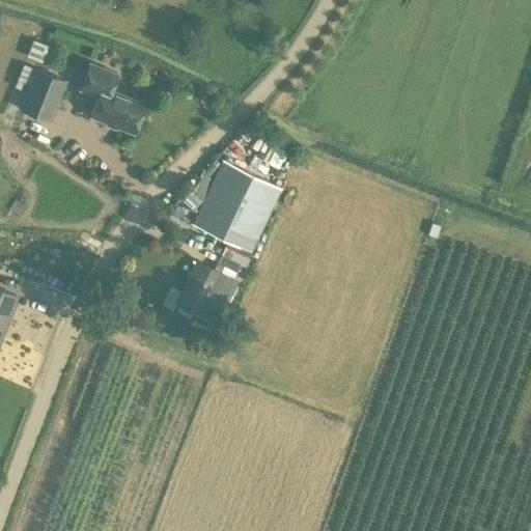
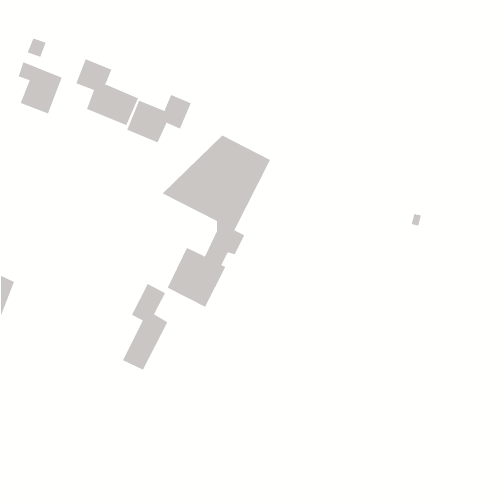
building: none -> [127,94,191,143]
building: none -> [122,283,168,371]

